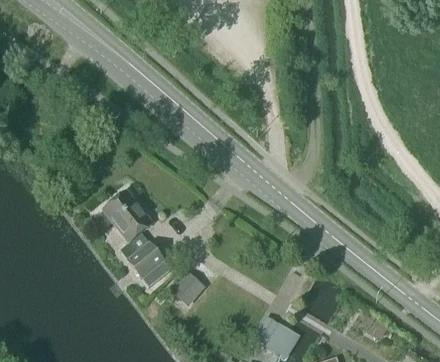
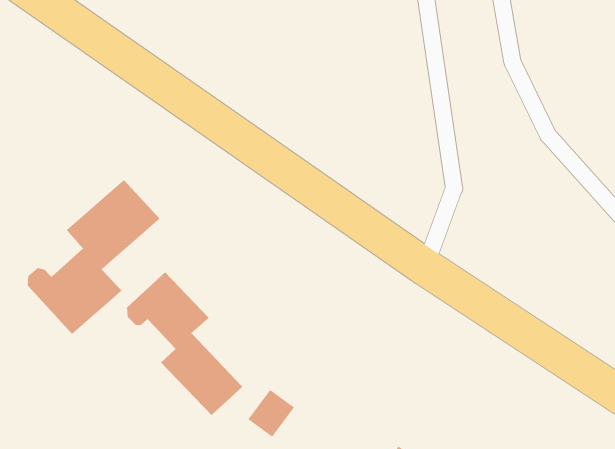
building: none -> [27,179,160,335]

